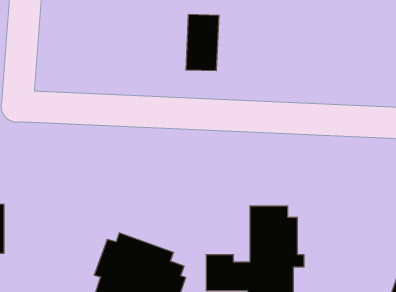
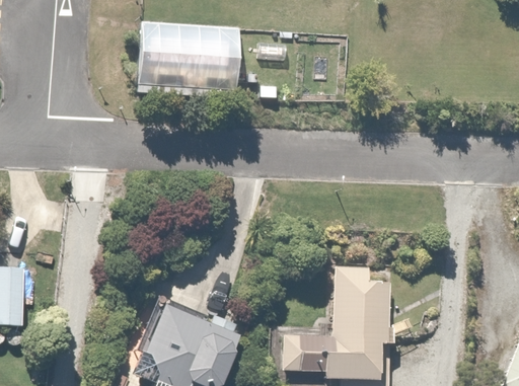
building: none -> [134,20,243,98]

